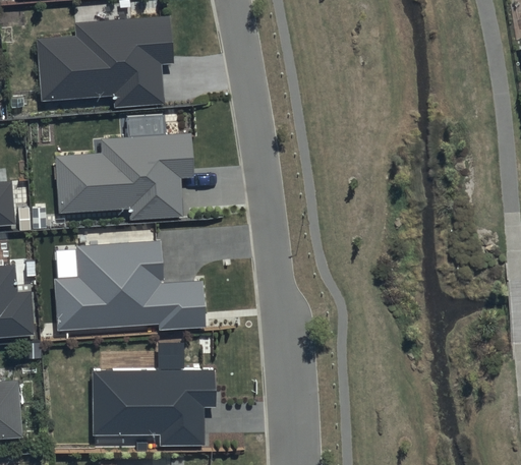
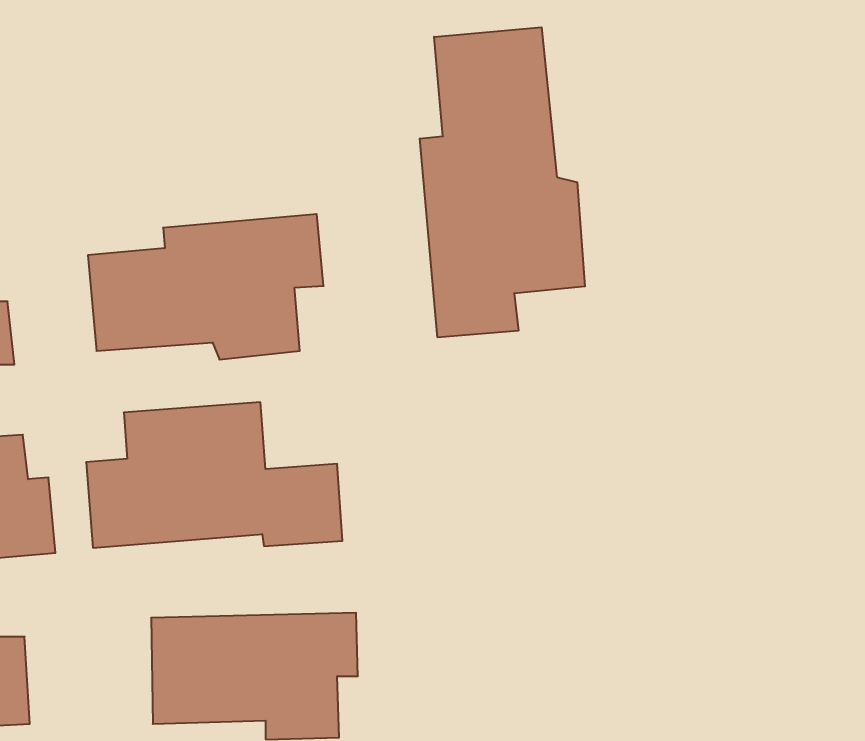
building: [37,16,170,102] -> none
building: none -> [420,27,585,337]

